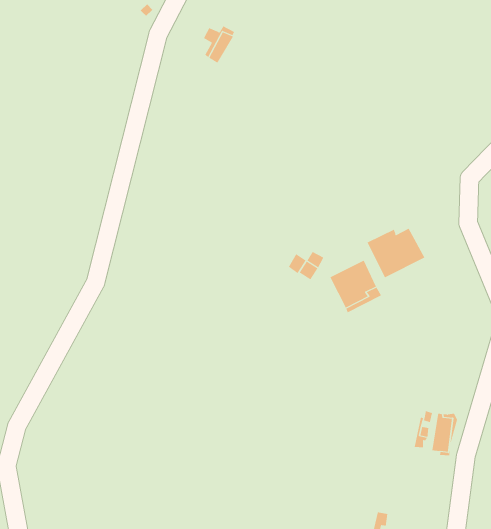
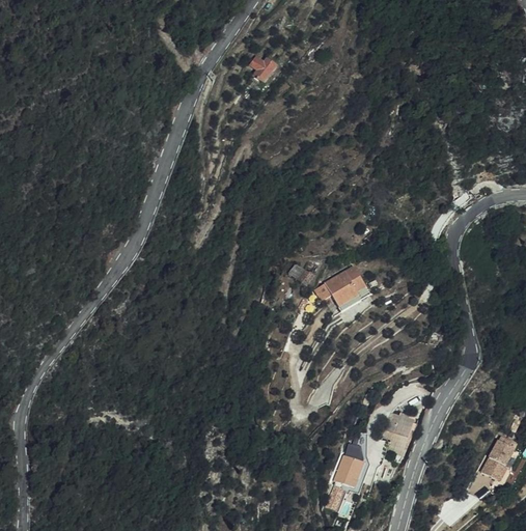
building: [367,228,425,278] -> none
building: none -> [336,454,371,487]

